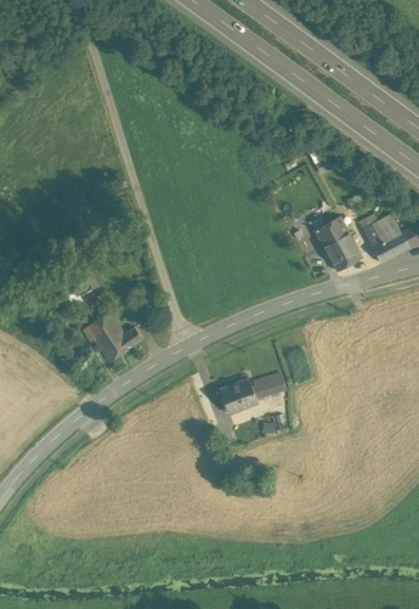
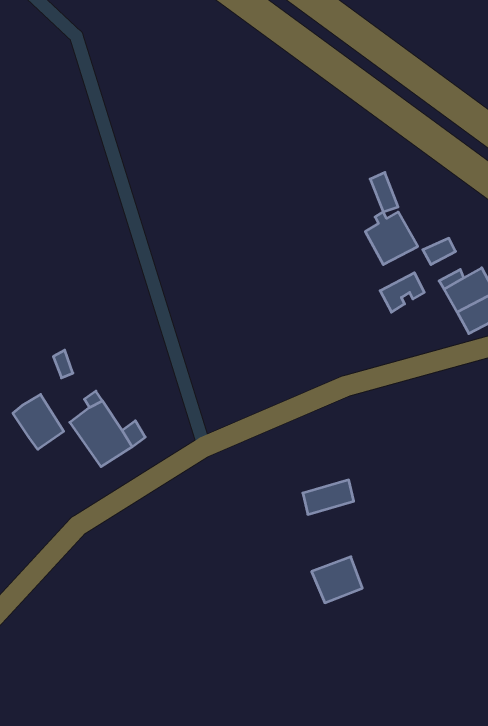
building: [322,232,361,271] -> [365,212,418,265]
building: none -> [13,394,64,449]
building: [217,379,255,413] -> [312,557,362,603]

